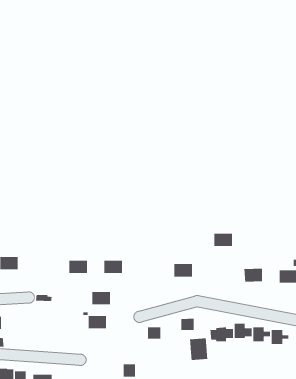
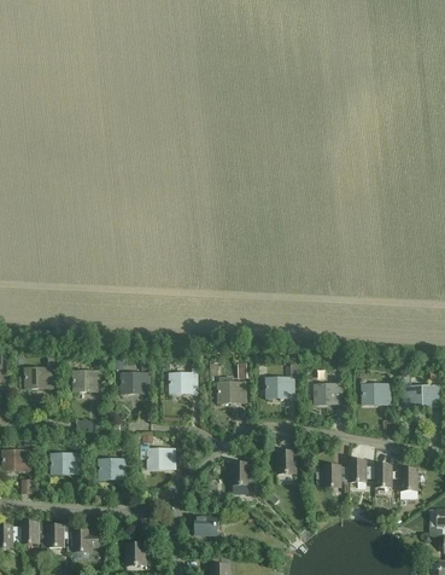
building: [214,233,233,247] -> [314,384,340,403]
building: none -> [72,372,100,391]
building: none -> [217,383,244,402]
building: [92,291,111,305] -> [98,459,124,478]
building: none -> [49,454,77,474]
building: [189,338,208,361] -> none

